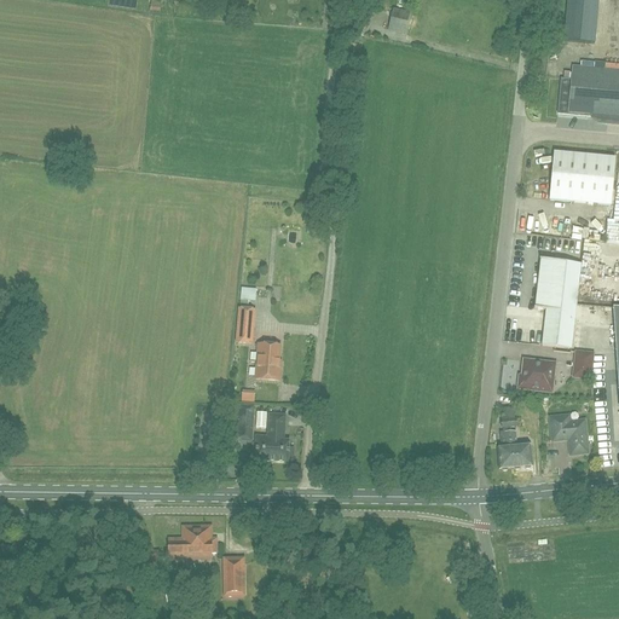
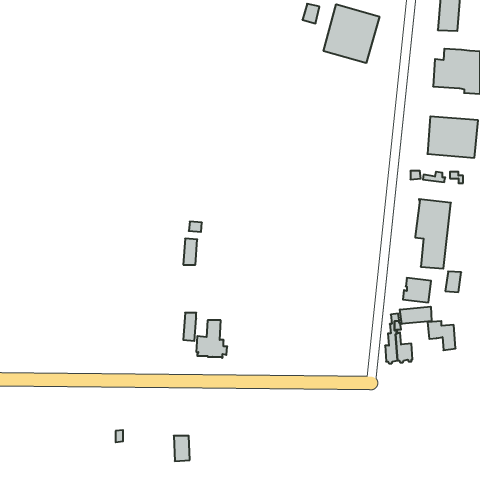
building: none -> [324,4,379,63]
building: [255,342,279,378] -> none
building: none -> [400,307,432,324]
building: [168,526,216,557] -> none

